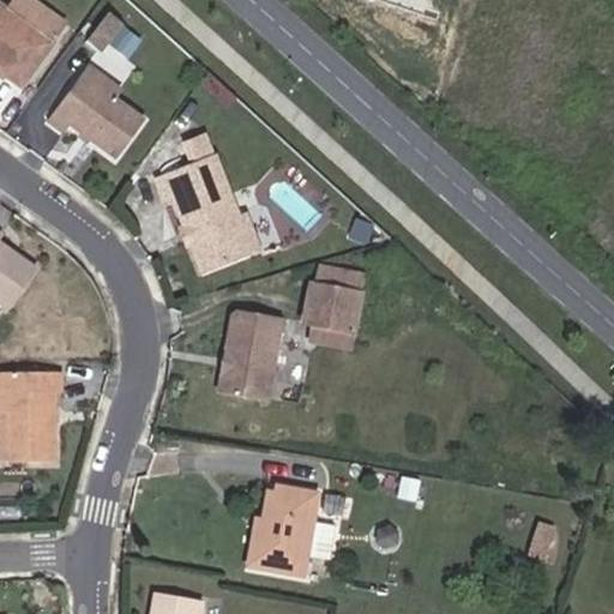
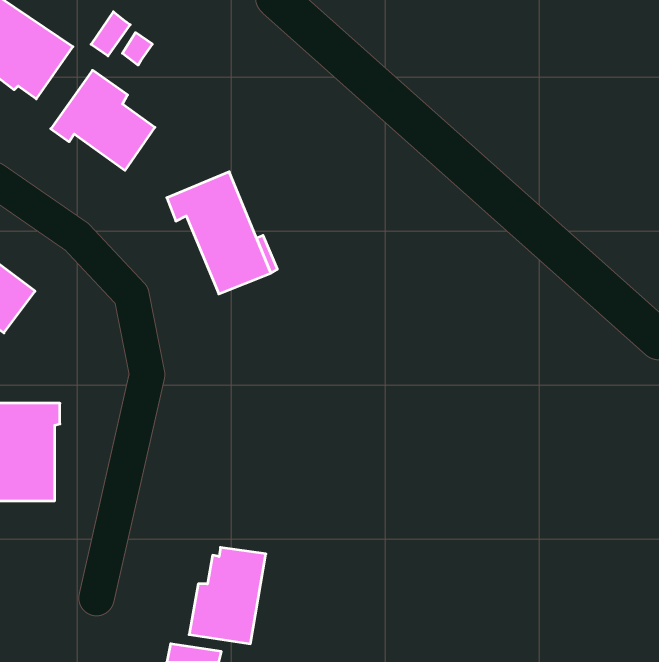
building: [305,276,369,332] -> none
building: [221,308,284,396] -> none
building: [249,486,320,574] -> [189,547,266,644]

